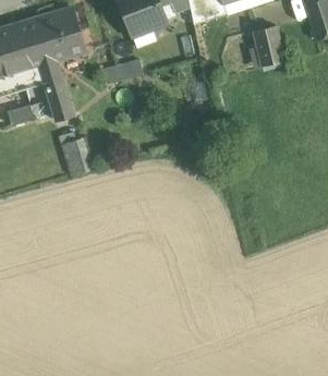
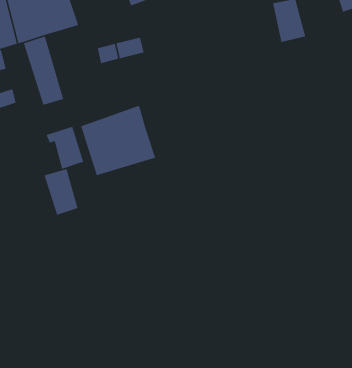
building: none -> [80,105,156,176]
building: none -> [43,168,79,216]

